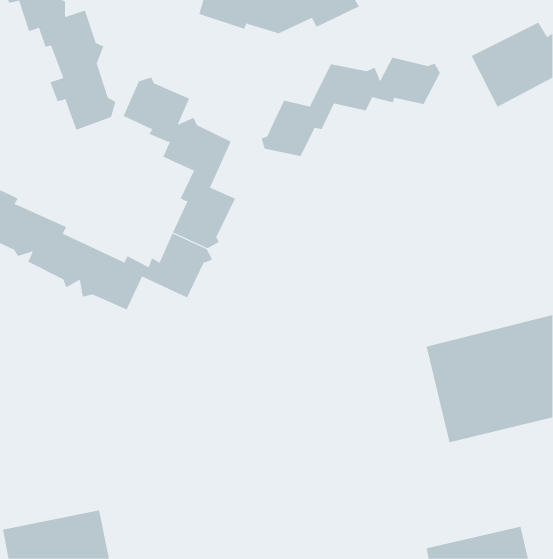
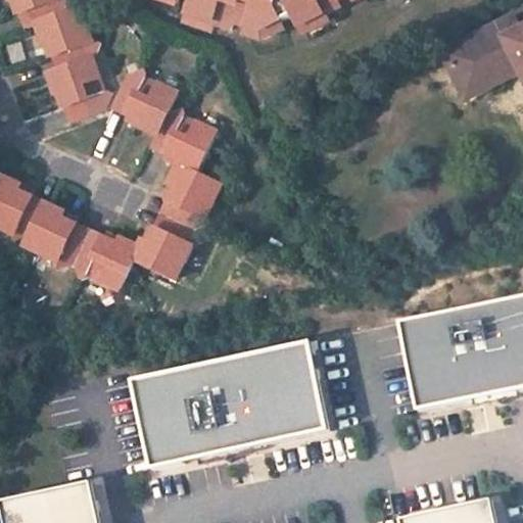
building: [261,57,441,157] -> none
building: none -> [134,342,332,472]

